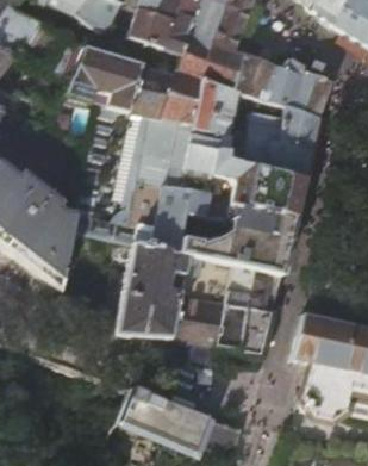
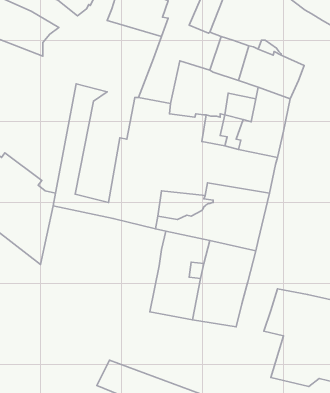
building: [66,46,176,116] -> none
building: [193,77,238,136] -> none
building: [116,241,189,337] -> none

